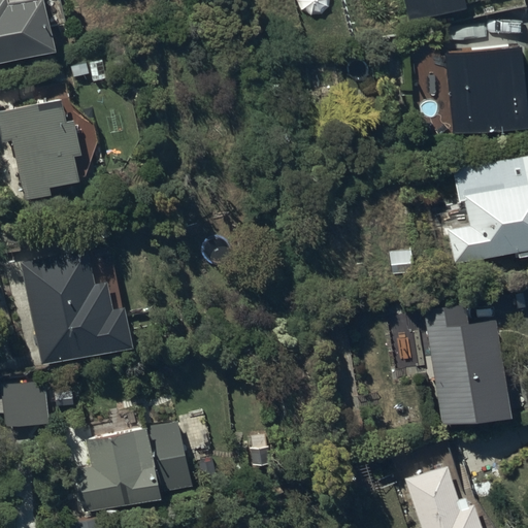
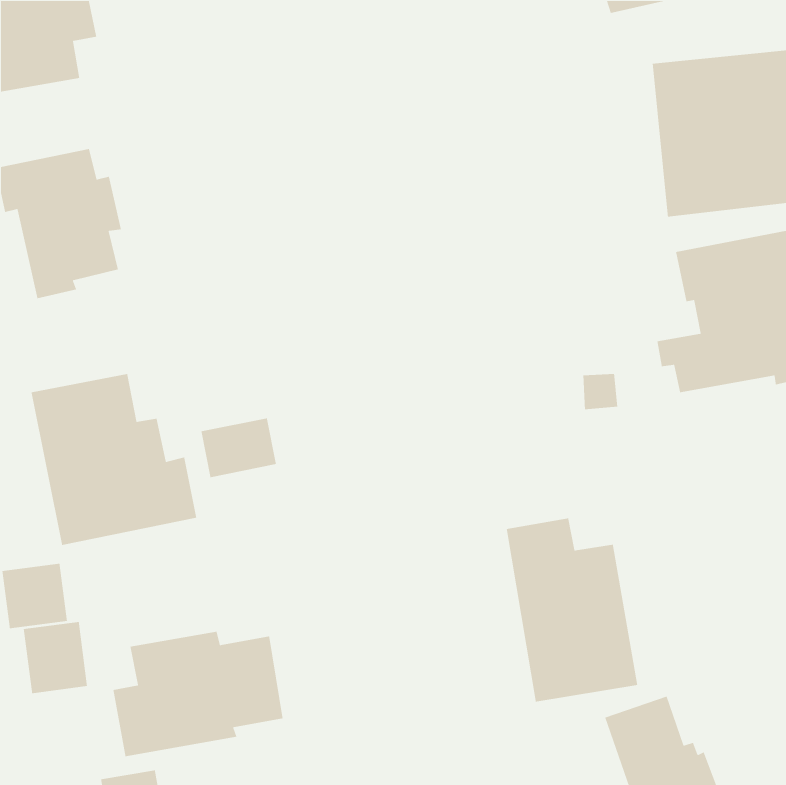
building: none -> [200,417,277,478]
building: [423,304,512,428] -> [506,518,638,703]
building: none -> [23,621,88,694]

